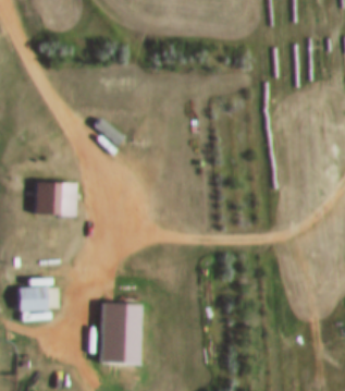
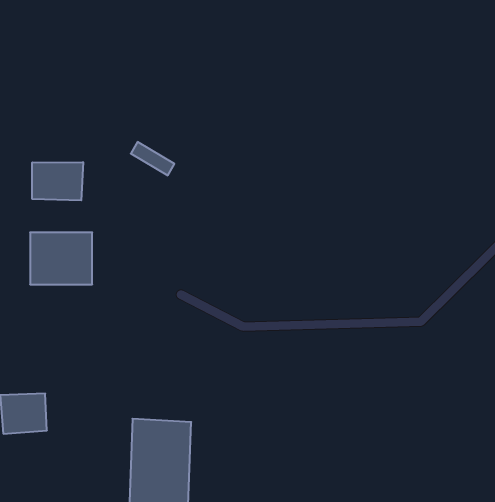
building: none -> [32,162,83,200]

